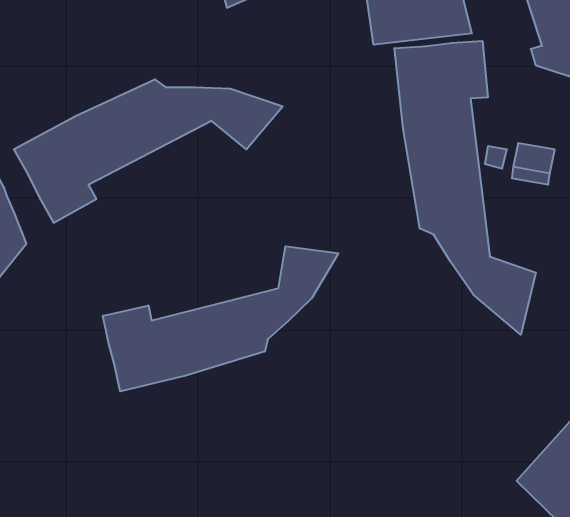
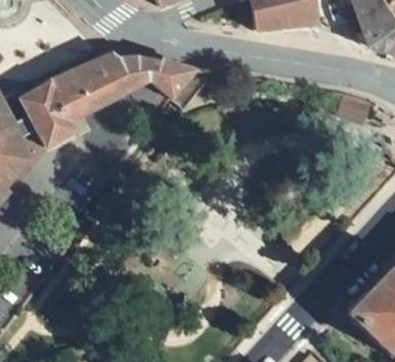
building: [395,41,536,335] -> none
building: [103,246,338,391] -> none

